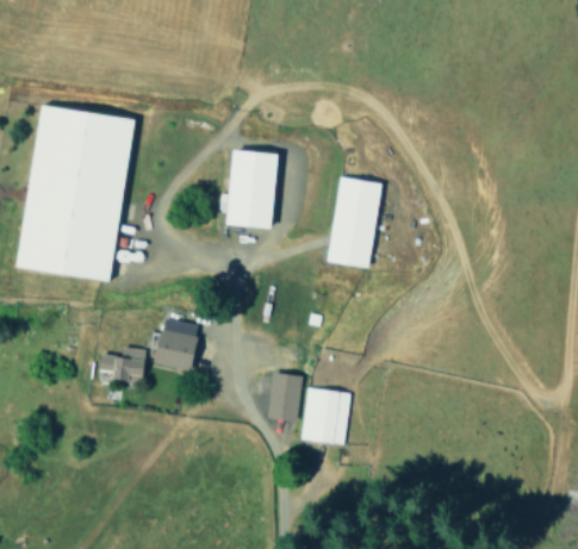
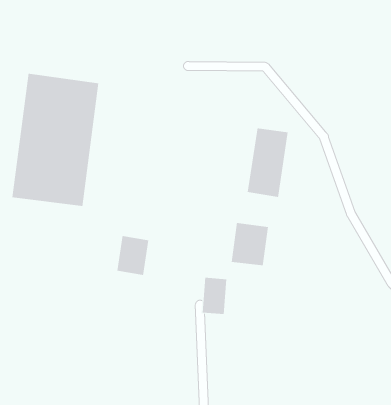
building: [226,149,279,229] -> none
building: [98,347,147,383] -> none
building: [300,387,350,444] -> [231,222,269,266]

